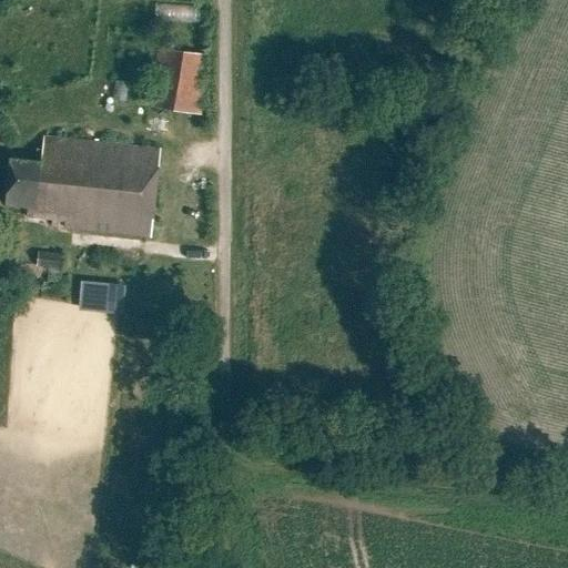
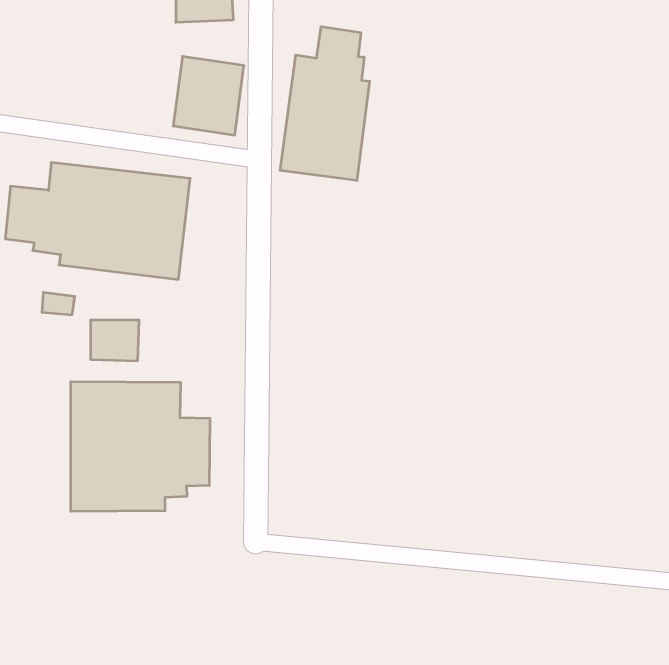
building: none -> [280,27,370,181]
building: none -> [71,382,210,511]

